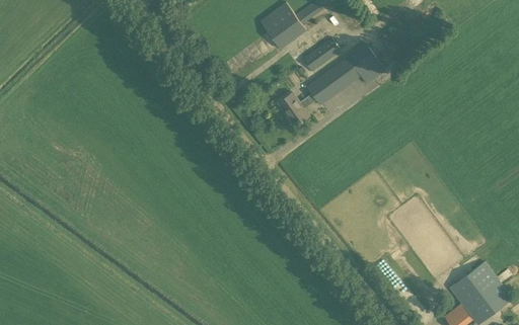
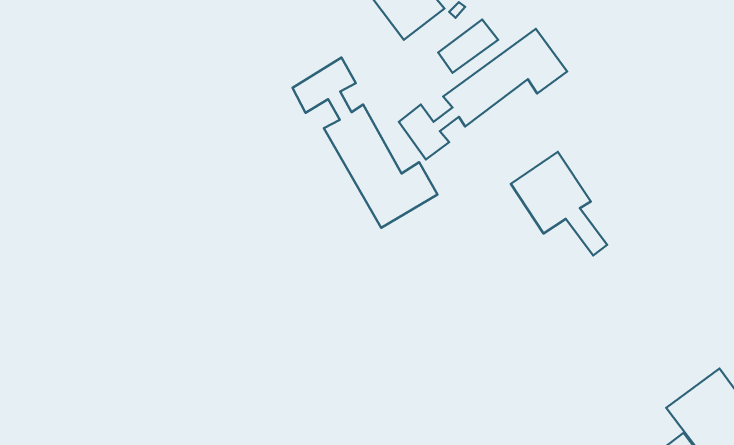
building: none -> [293,58,438,228]
building: none -> [511,152,607,255]

